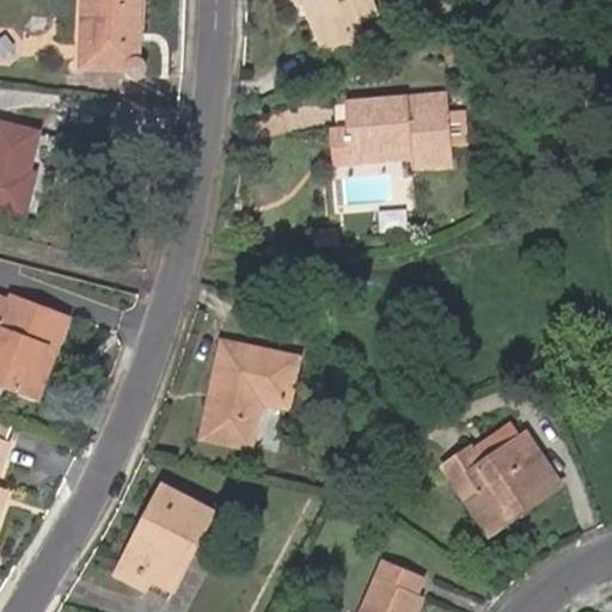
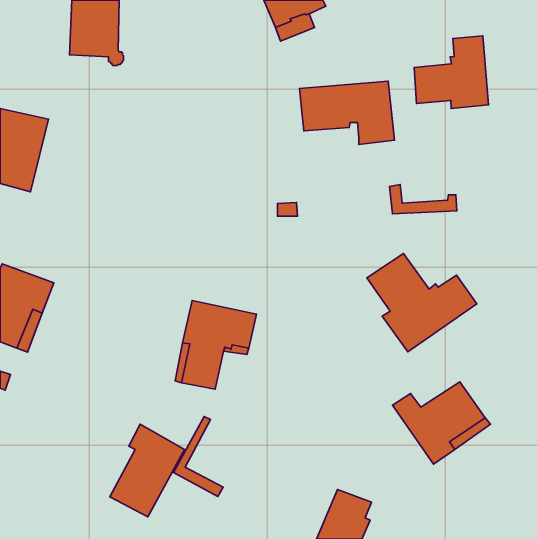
building: none -> [414,36,489,108]
building: [332,127,409,160] -> [389,184,457,214]
building: none -> [367,253,477,352]
building: [114,506,170,596] -> [173,416,223,497]

